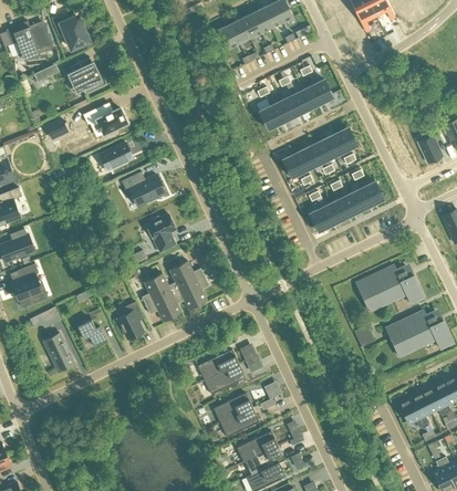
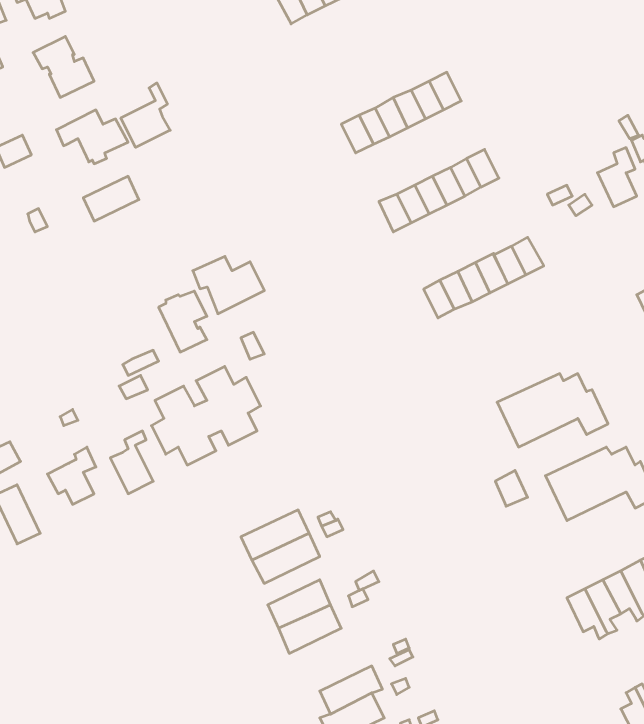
building: none -> [121,83,170,147]
building: [121,171,165,207] -> [193,256,264,314]
building: [237,431,278,462] -> none

